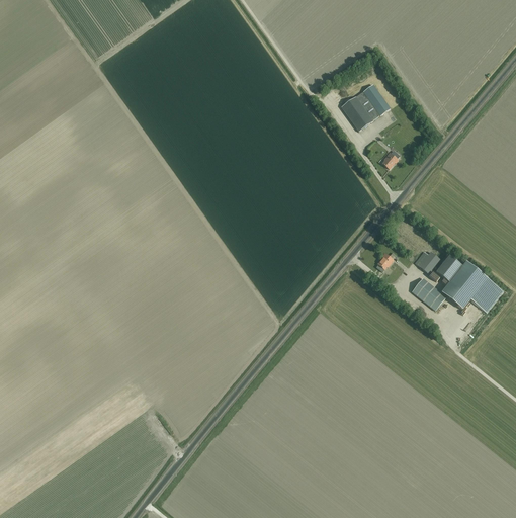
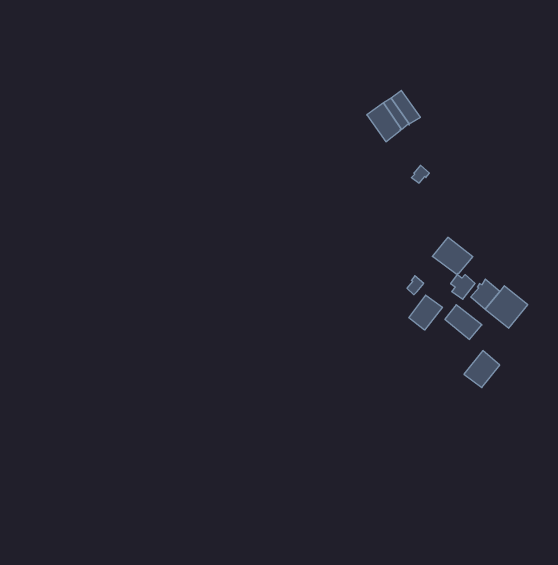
building: none -> [432,237,473,275]
building: none -> [409,295,442,330]
building: [469,278,502,312] -> [464,351,500,388]

